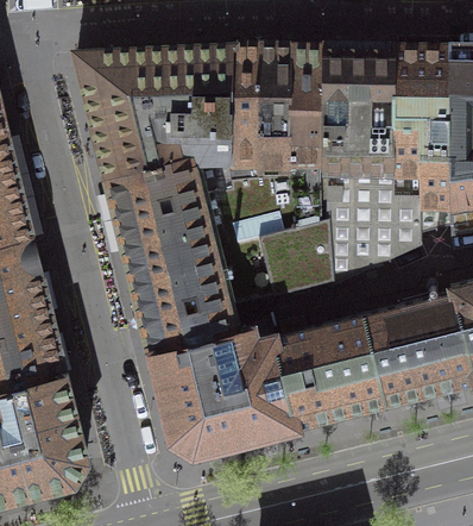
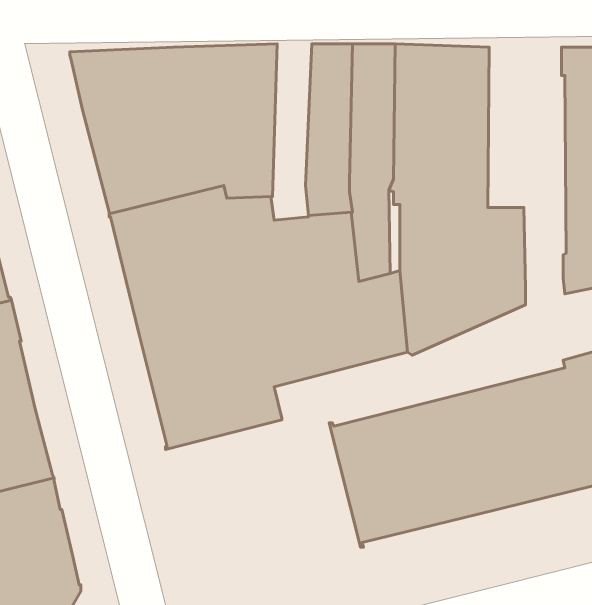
building: [229,49,260,182] -> none
building: [393,51,453,233] -> none
building: [150,327,297,456] -> none

